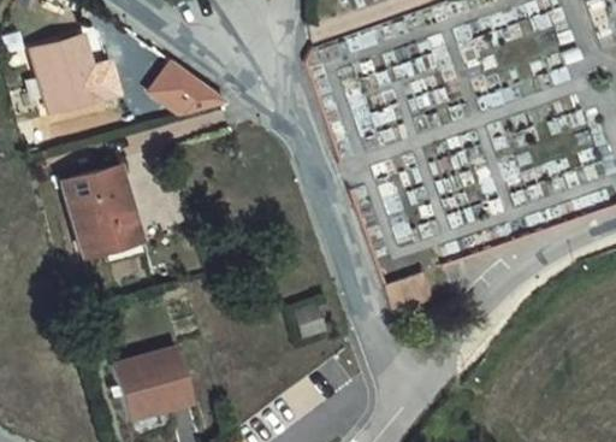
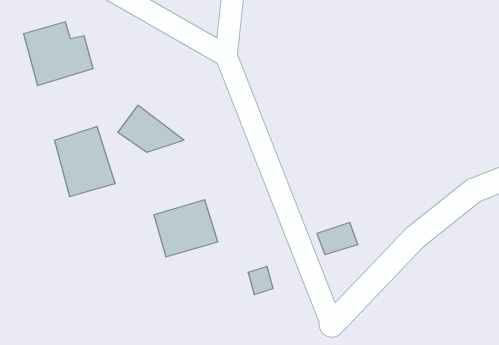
building: [142,54,221,111] -> [118,105,184,152]
building: [117,349,194,418] -> [154,200,218,257]

